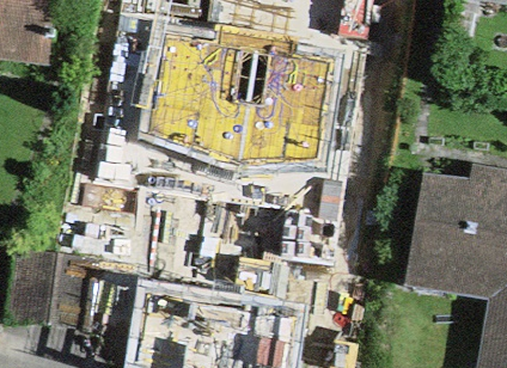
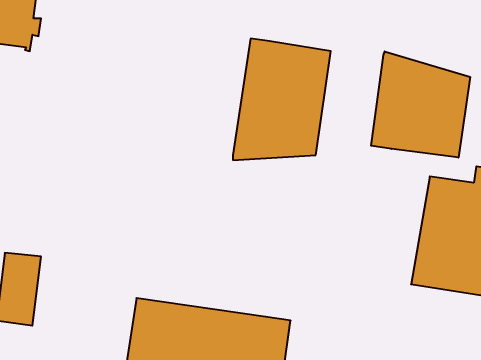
building: [147,35,254,164] -> none
building: none -> [371,51,470,158]

